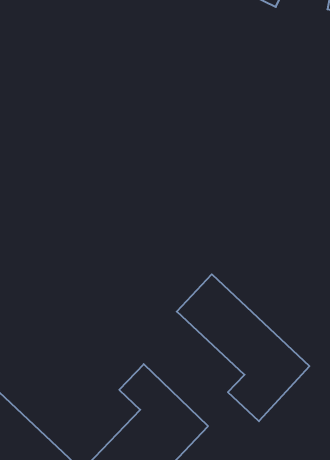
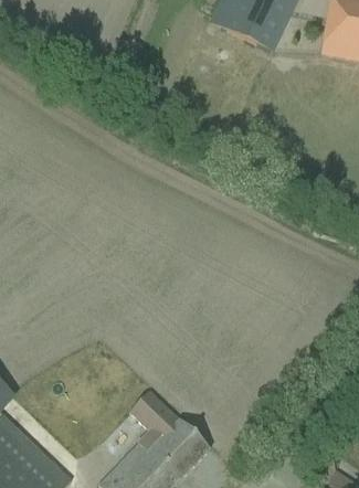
building: [177,274,309,421] -> none

